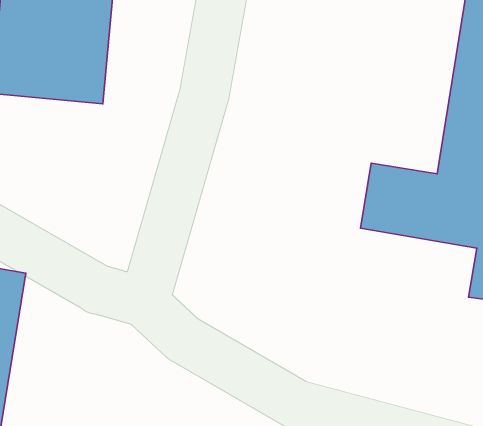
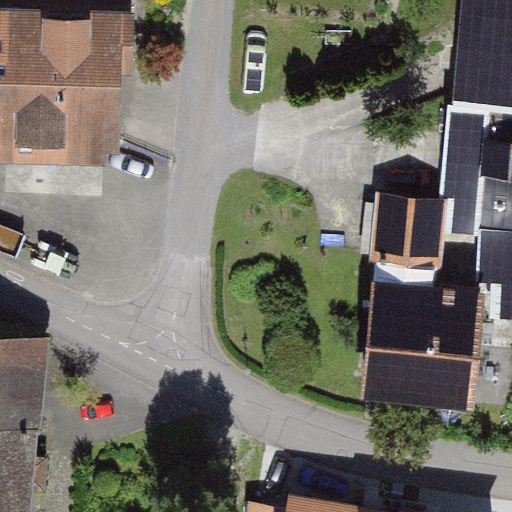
building: none -> [350,286,472,412]

